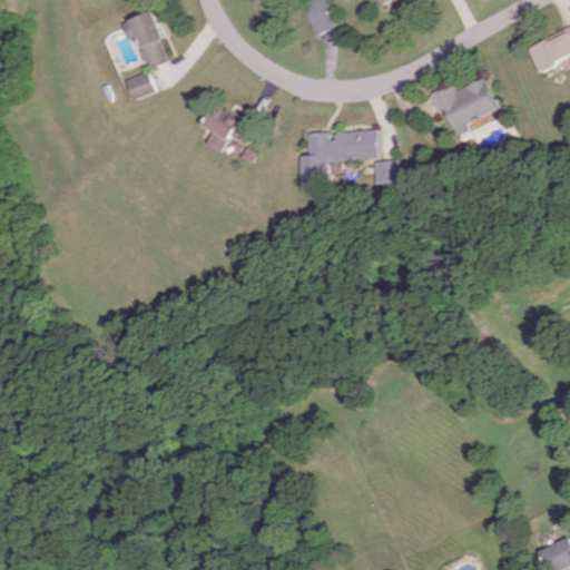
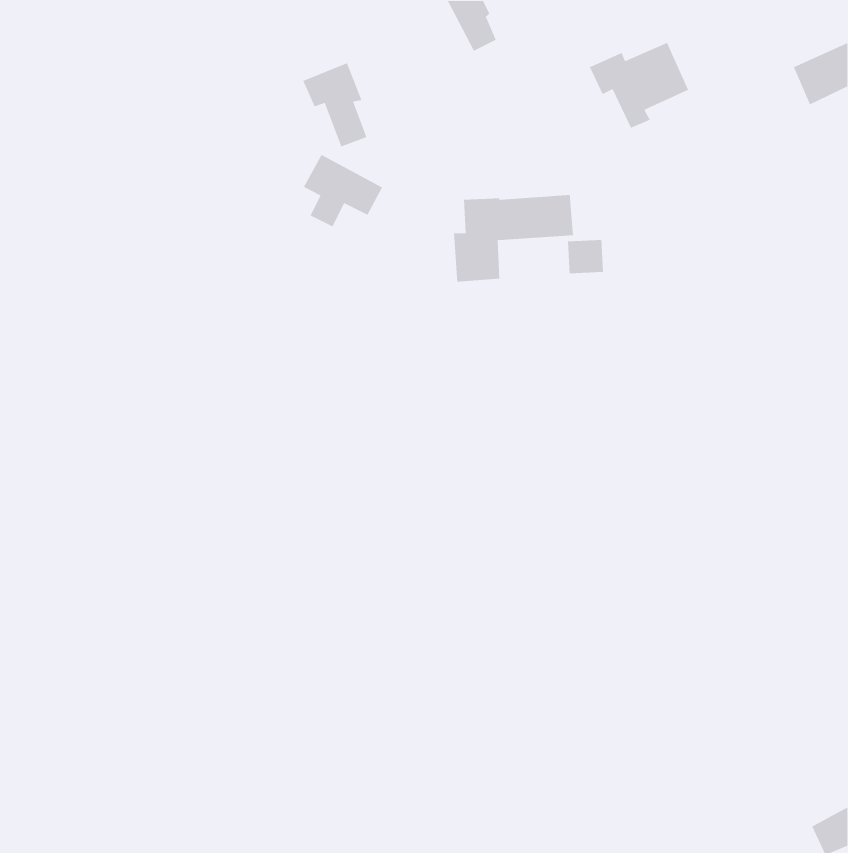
building: [121,11,165,68] -> [302,62,368,147]
building: [125,72,154,100] -> none
building: [432,78,499,136] -> [589,42,689,129]

